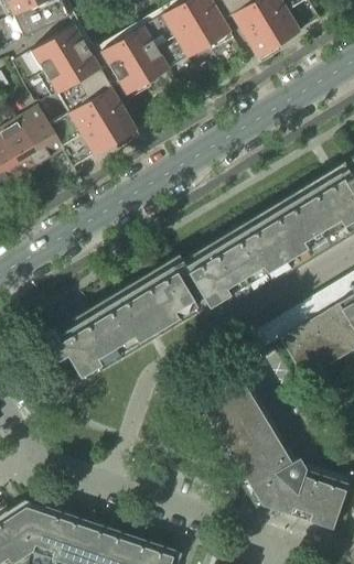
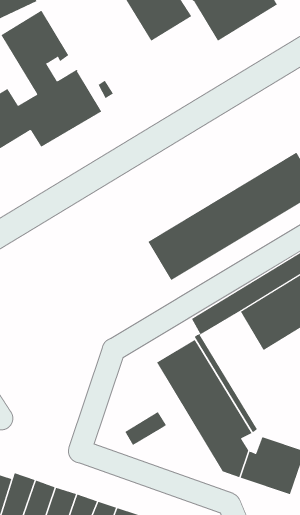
building: [100,26,169,95] -> none
building: [42,265,197,378] -> none
building: none -> [125,411,167,446]

